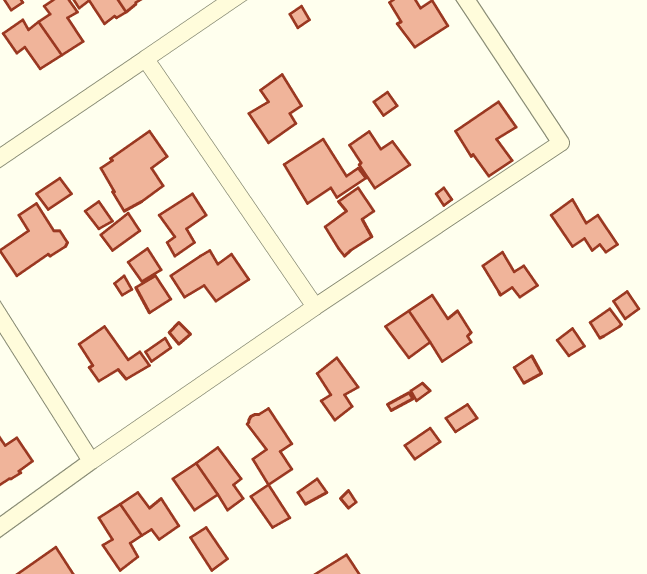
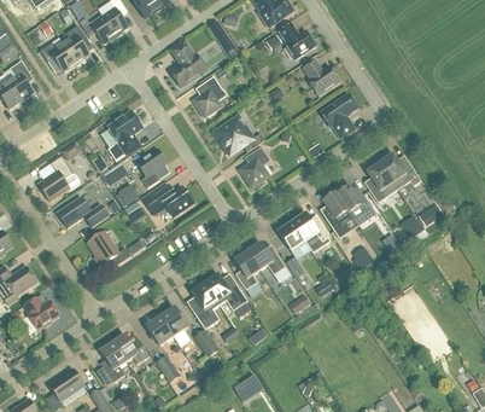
building: none -> [170,41,205,87]
building: [350,132,410,188] -> [302,60,339,95]
building: none -> [366,163,392,203]
building: none -> [322,192,351,231]
building: none -> [55,197,107,227]
building: none -> [246,243,285,274]
building: none -> [204,274,246,311]

